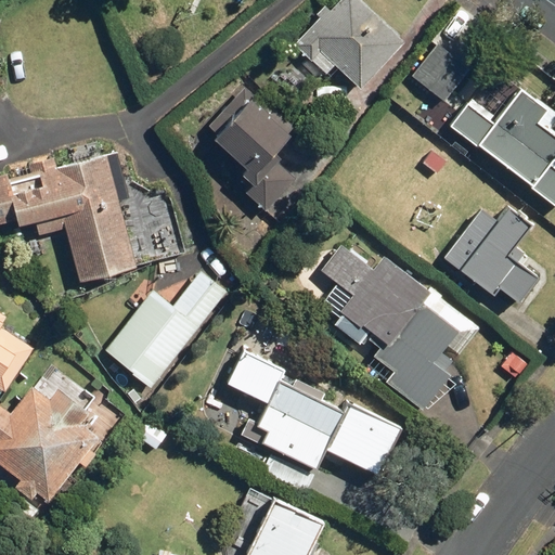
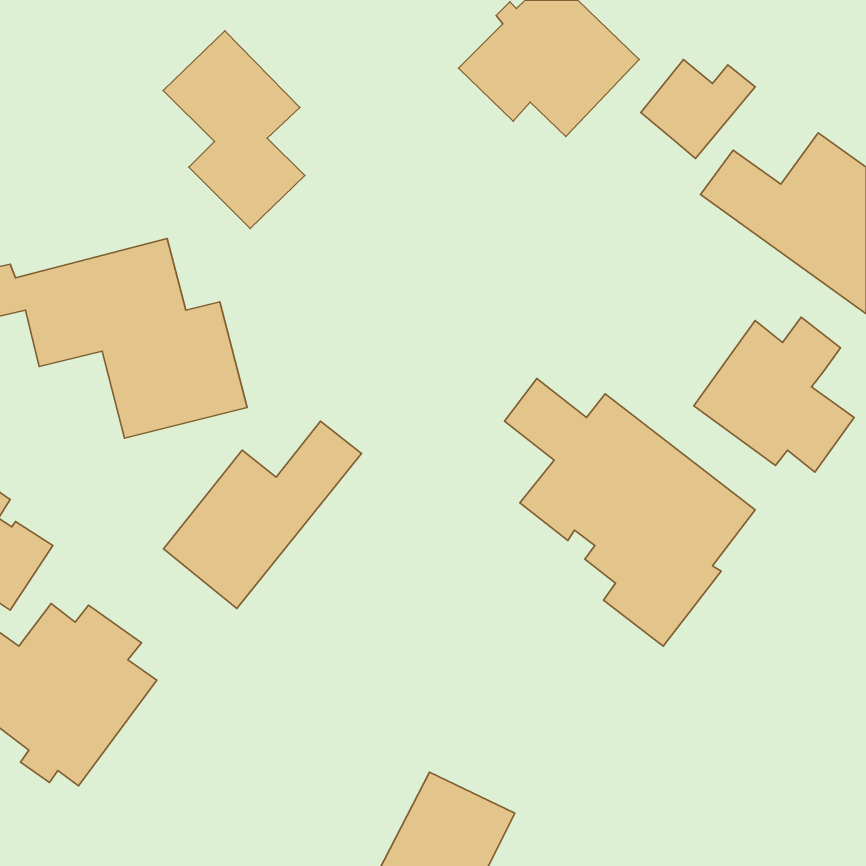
building: [206,88,296,214] -> [163,31,305,228]
building: [223,348,404,476] -> none

